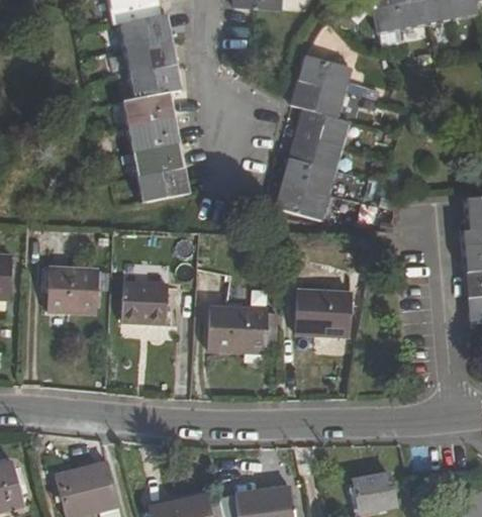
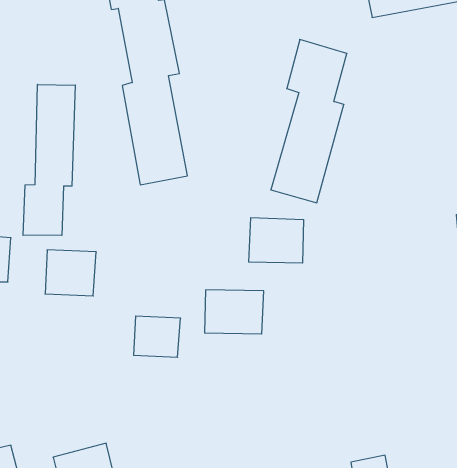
building: none -> [23,84,75,235]
building: [121,282,169,323] -> [134,316,181,357]
building: [295,290,351,335] -> [249,218,304,263]

